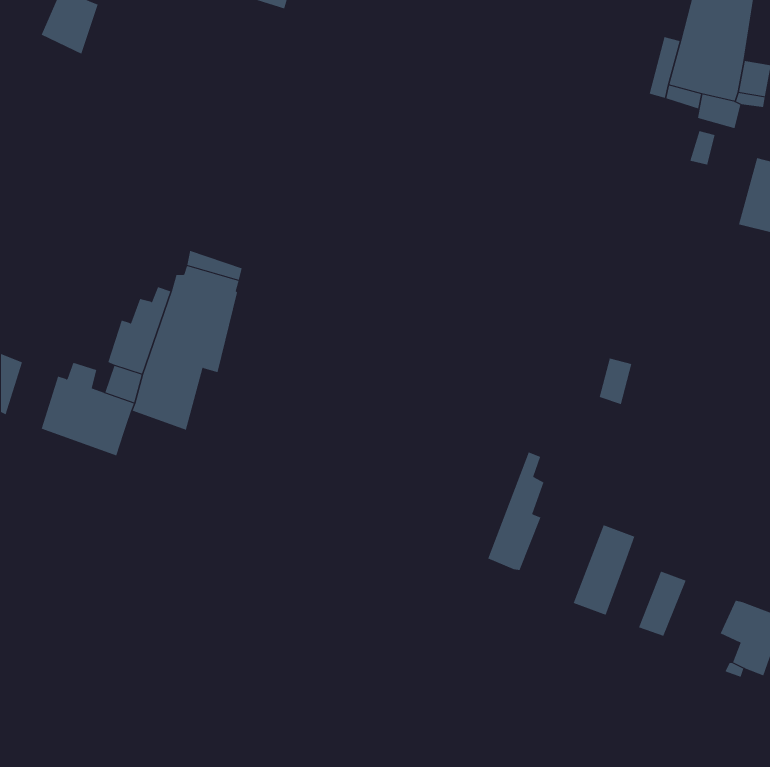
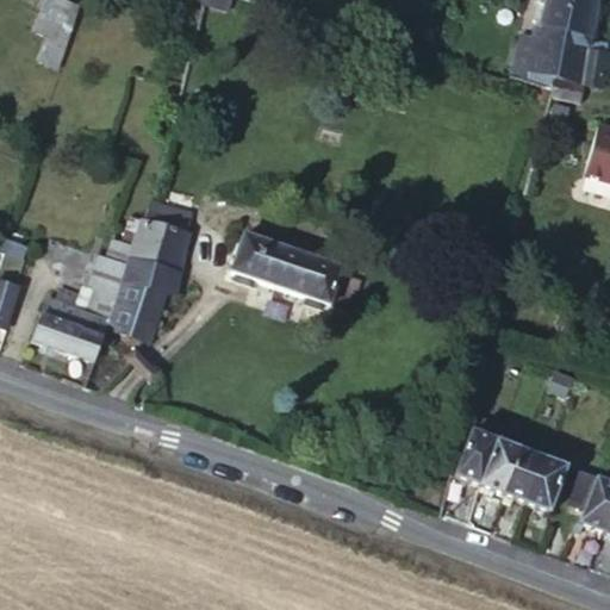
building: none -> [231,231,346,307]
building: [488,452,544,571] -> none
building: none -> [480,438,523,493]
building: none -> [525,456,568,510]

